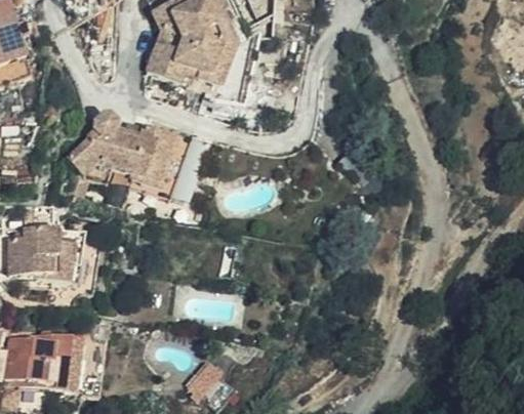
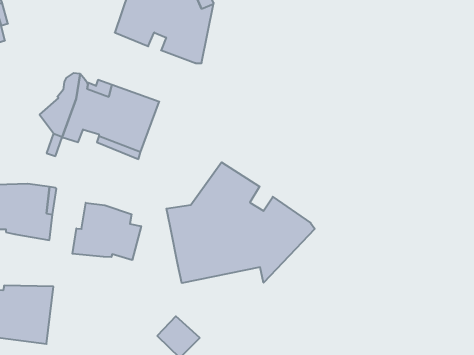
building: none -> [166,162,315,283]
building: none -> [72,203,141,260]

